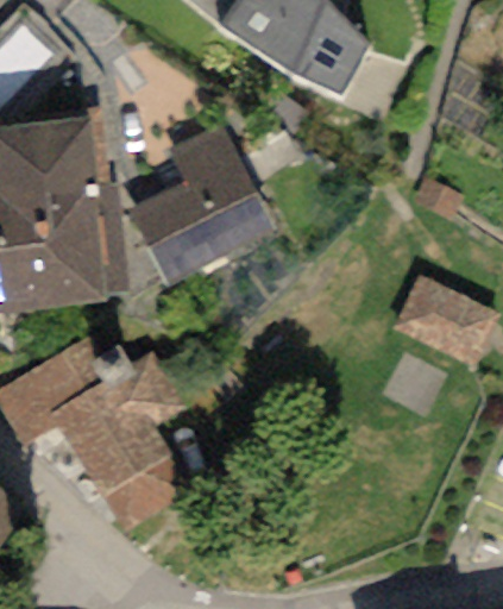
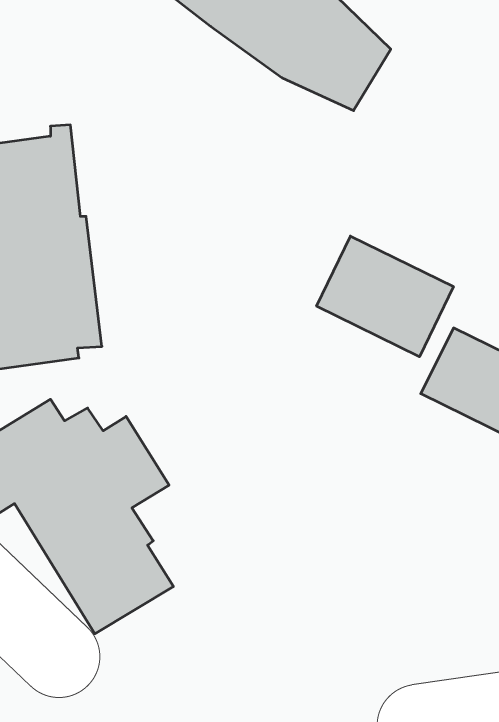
building: [130,123,275,282] -> none
building: none -> [317,236,453,357]

